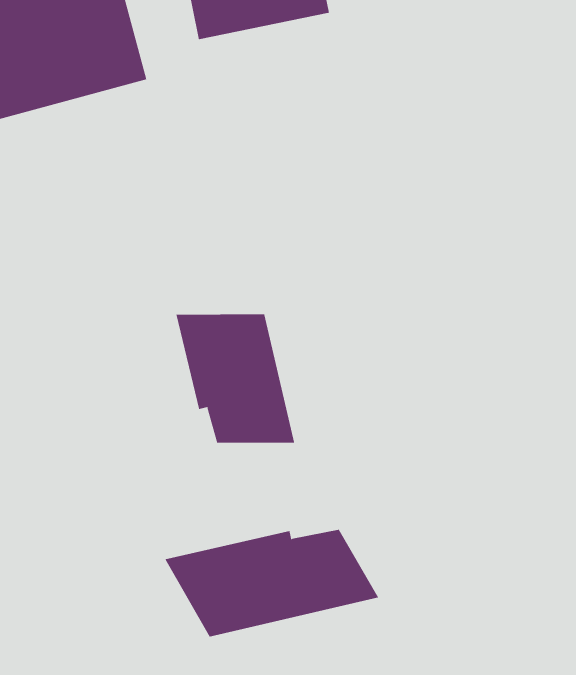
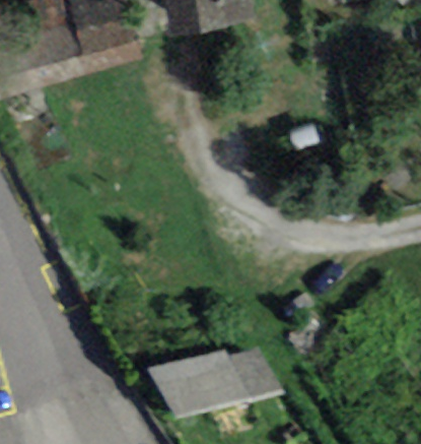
building: [176,314,295,443] -> none

